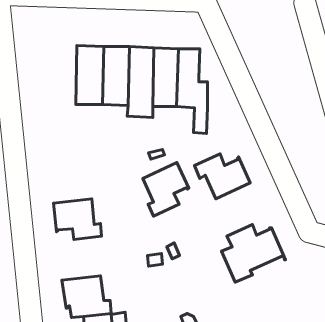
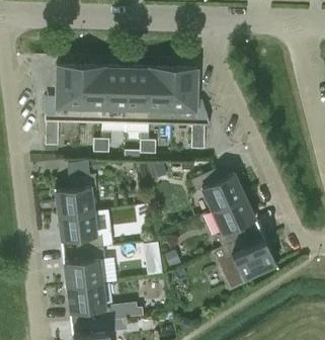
building: none -> [46,65,80,144]
building: none -> [55,173,96,214]
building: [143,162,189,216] -> [212,194,255,245]
building: none -> [63,245,105,286]

